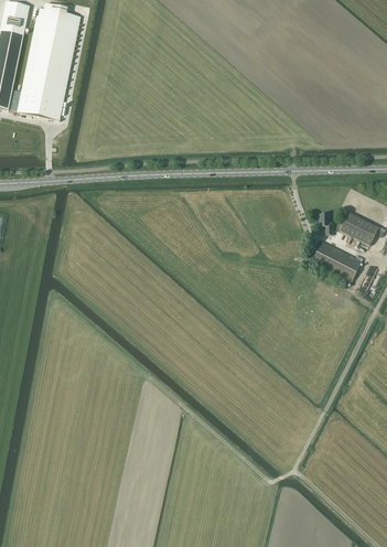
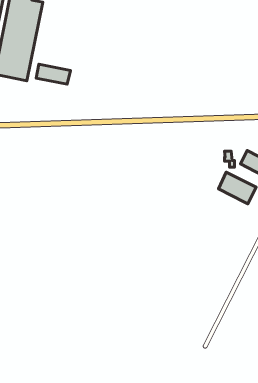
building: none -> [36,64,71,84]

